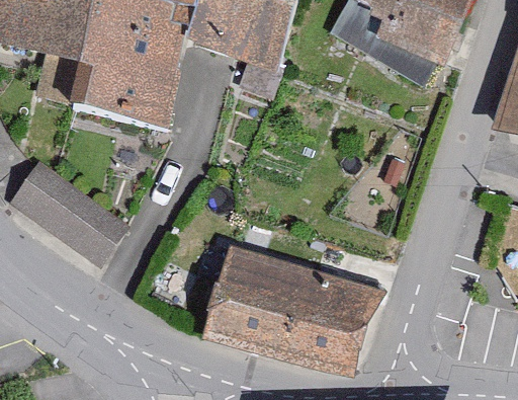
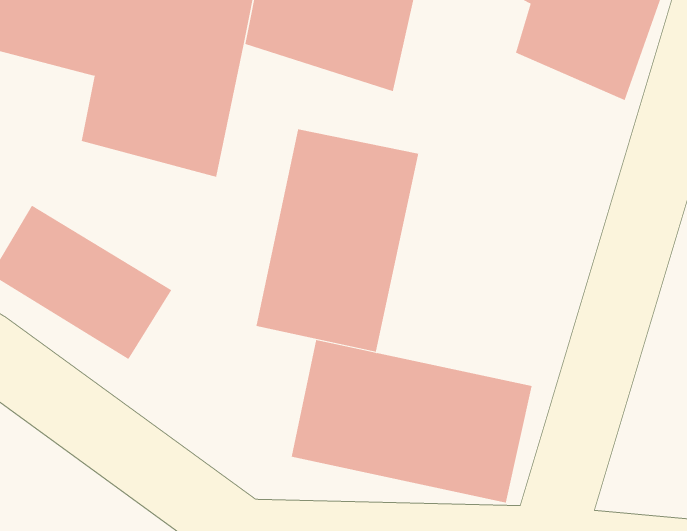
building: none -> [256,128,419,353]

